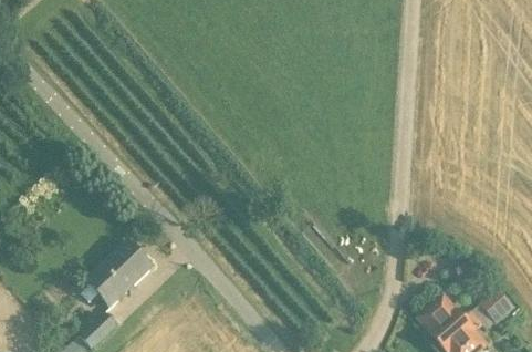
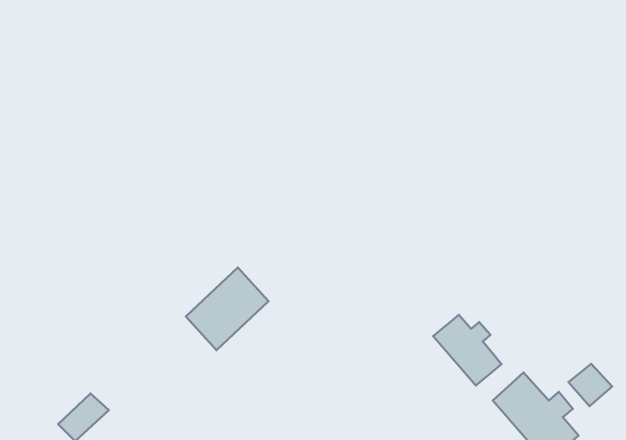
building: [84,240,149,306] -> [186,267,269,350]
building: none -> [433,315,502,385]

